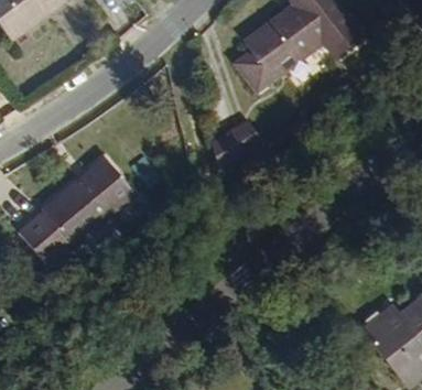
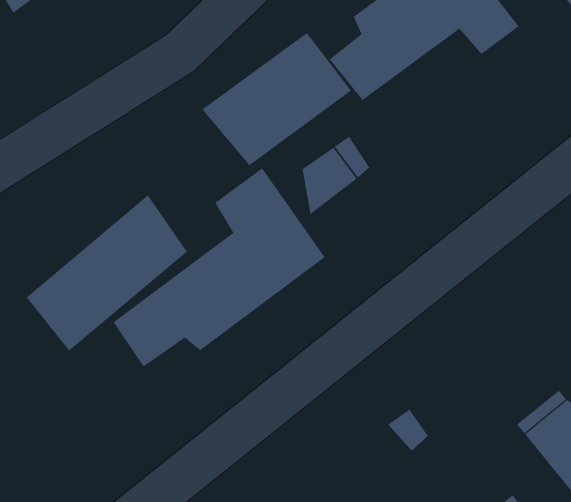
building: none -> [201,32,352,166]
building: none -> [113,168,325,368]

